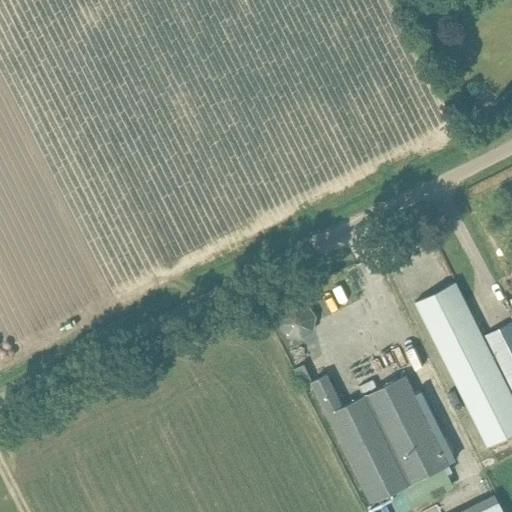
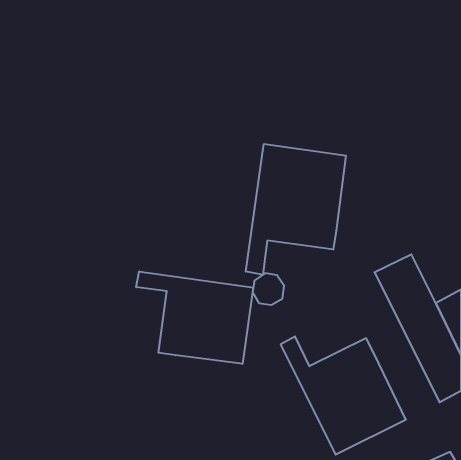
building: none -> [246,144,346,275]
building: none -> [136,271,253,364]

